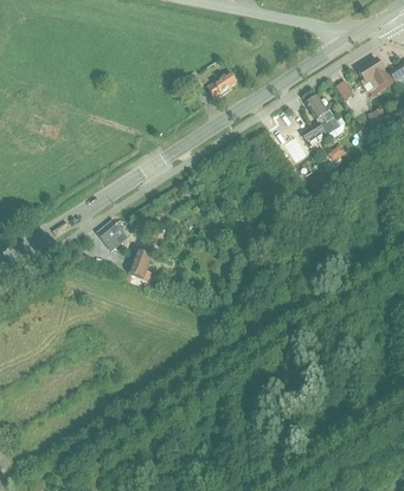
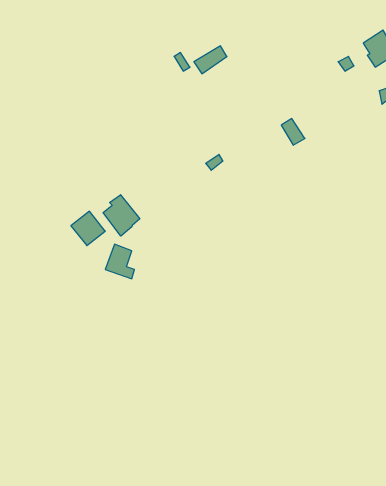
building: [301,95,340,144] -> none
building: none -> [103,195,140,236]

